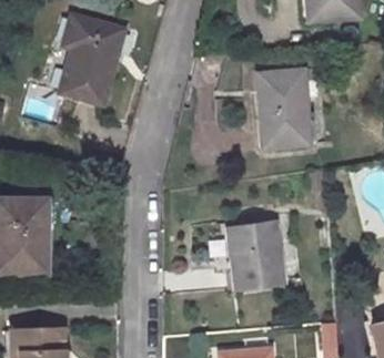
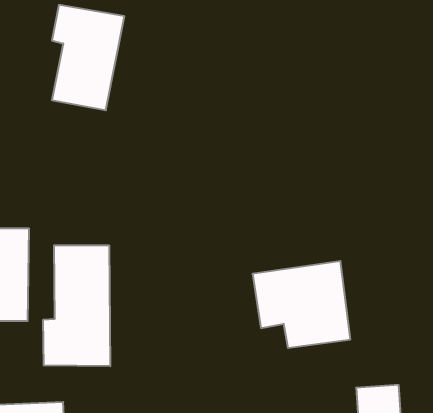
building: [255,67,304,142] -> none
building: none -> [43,245,110,366]

